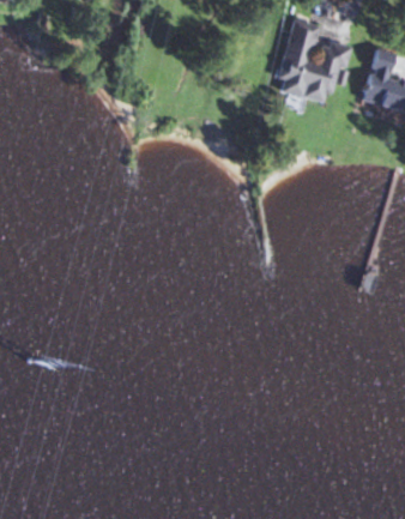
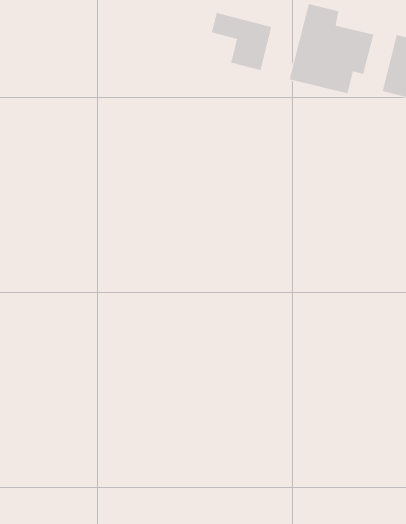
building: none -> [211,12,272,71]

